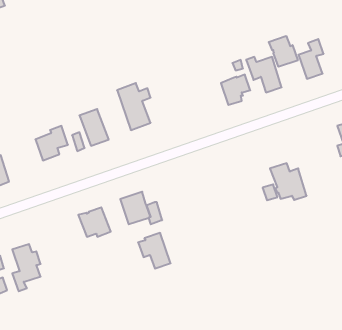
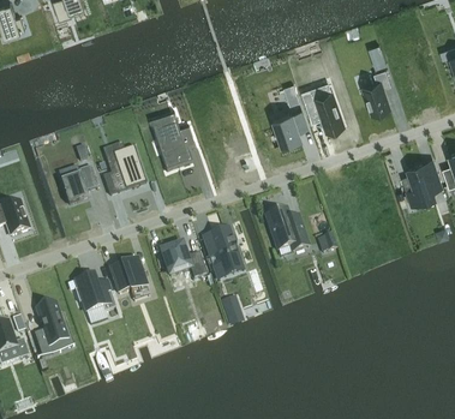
building: [269,36,298,67] -> none
building: [270,163,307,200] -> [265,209,307,251]
building: none -> [74,274,115,312]
building: [138,233,171,269] -> [203,228,240,269]

